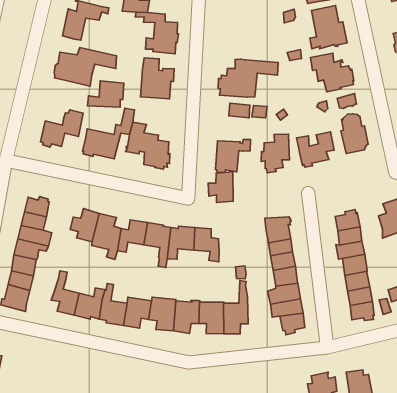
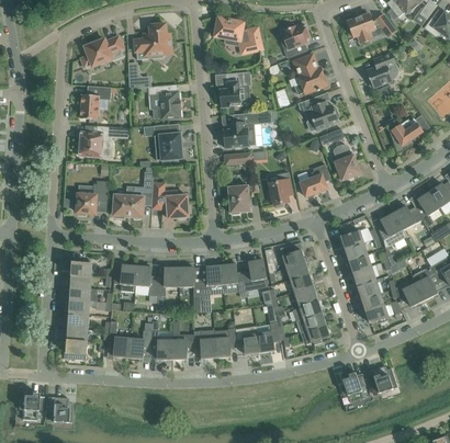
building: none -> [220,71,250,106]
building: [87,81,124,107] -> none
building: [208,172,233,202] -> [243,258,267,286]

